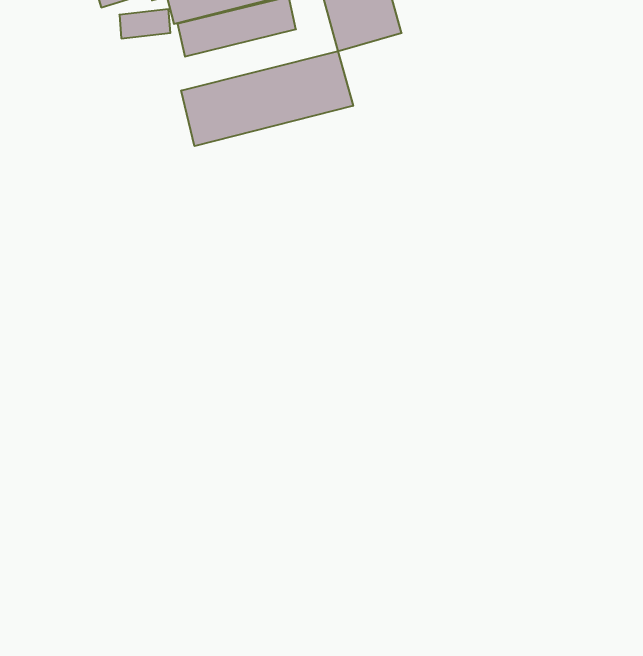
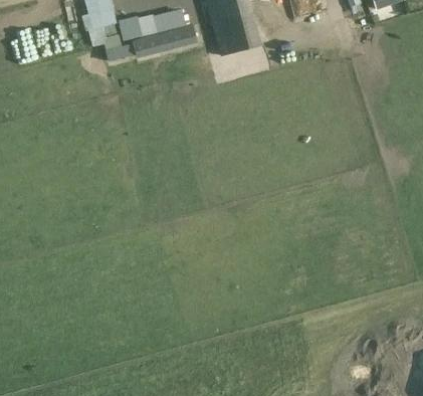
building: [181,51,353,146] -> none

